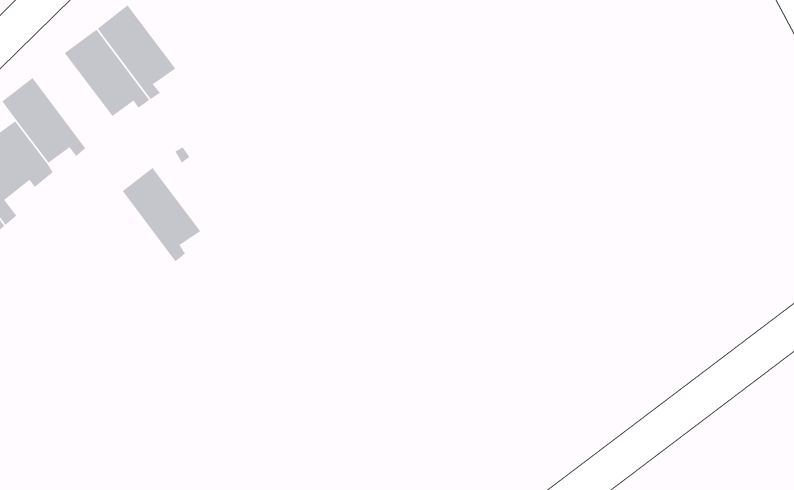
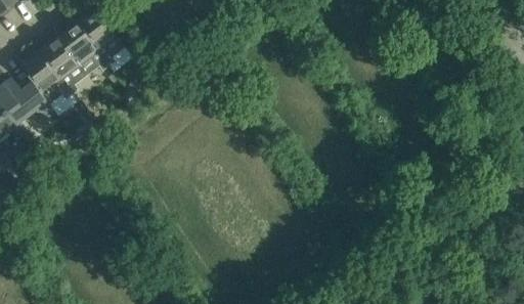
building: [122,167,201,262] -> [36,33,83,89]

